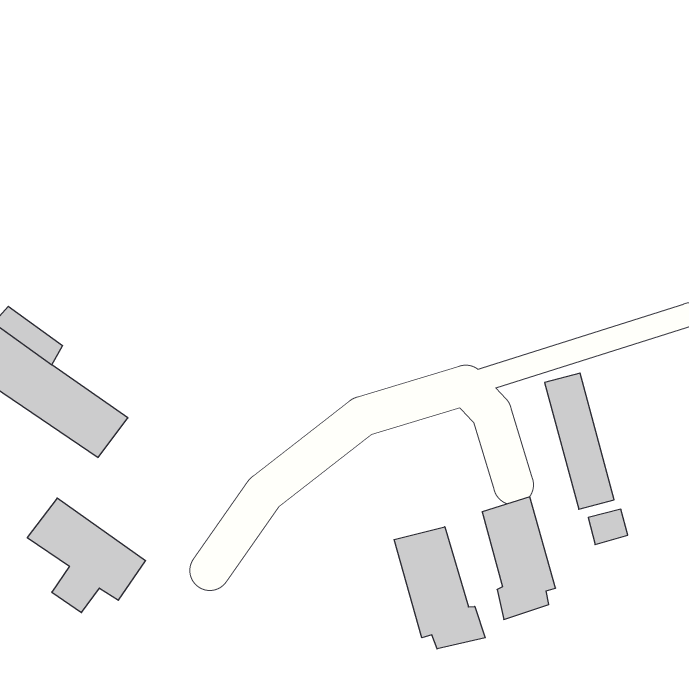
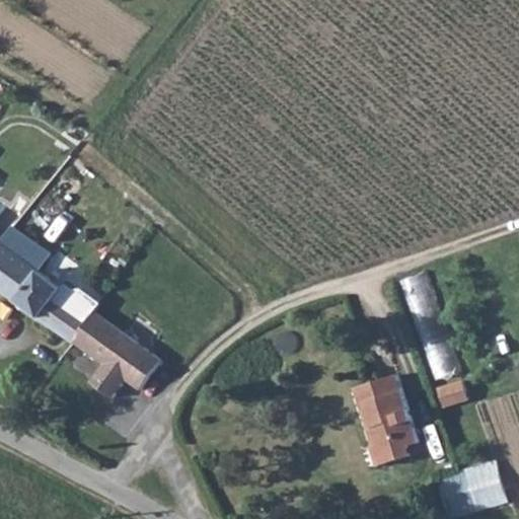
building: [27,498,146,613] -> [73,313,161,398]
building: [394,527,485,649] -> none
building: none -> [434,456,506,513]

